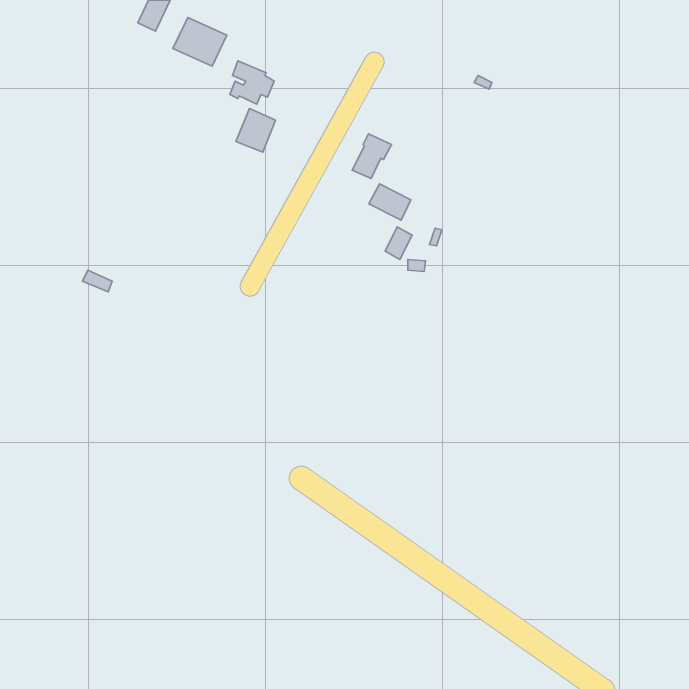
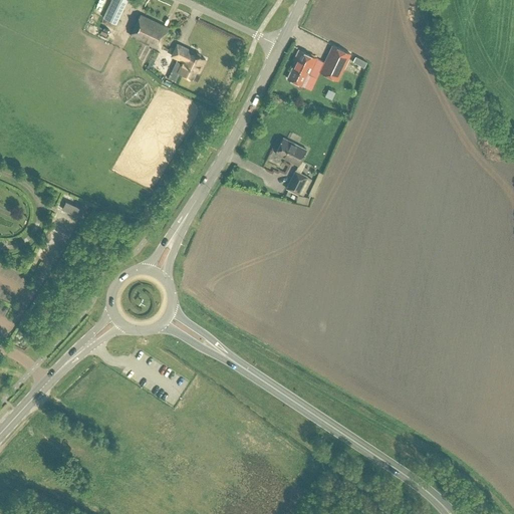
building: none -> [318,46,349,81]
building: [236,109,275,152] -> none
building: [352,134,391,178] -> [286,51,315,84]

